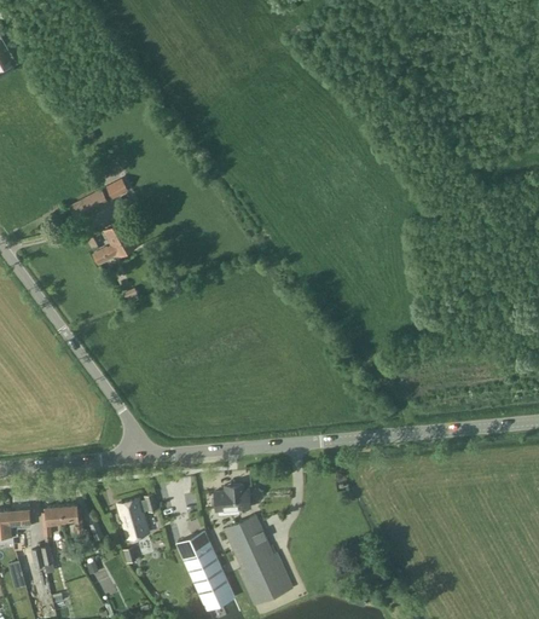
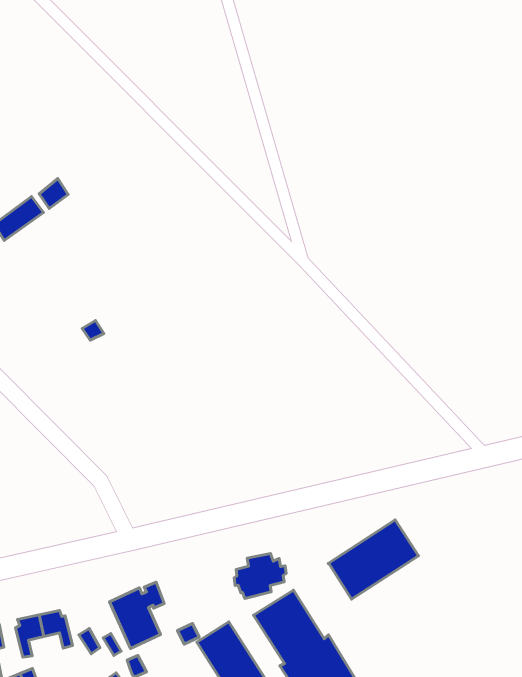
building: [93,222,137,265] -> none
building: none -> [328,520,419,599]

